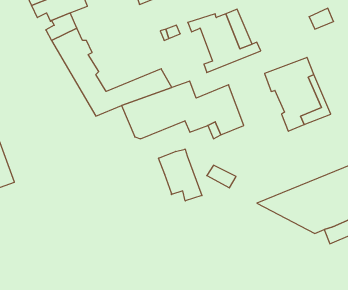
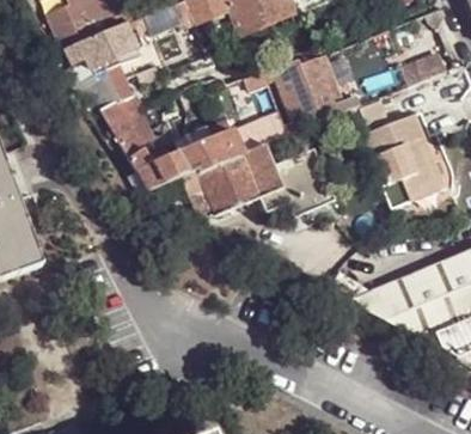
building: [159,149,202,201] -> none

